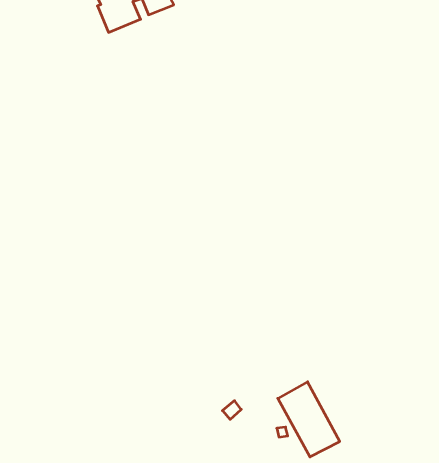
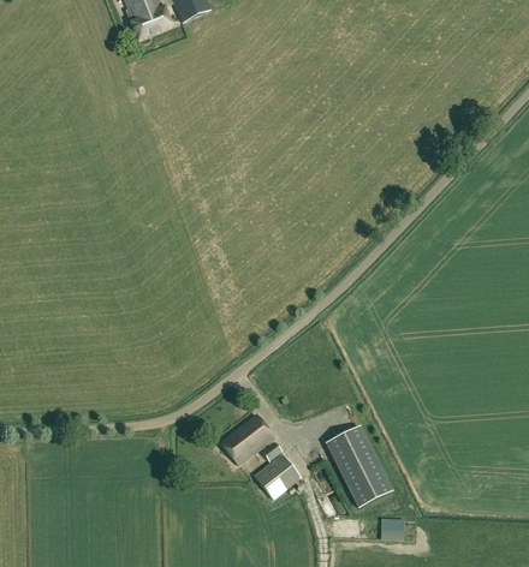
building: none -> [221,414,275,465]
building: none -> [255,454,302,499]

